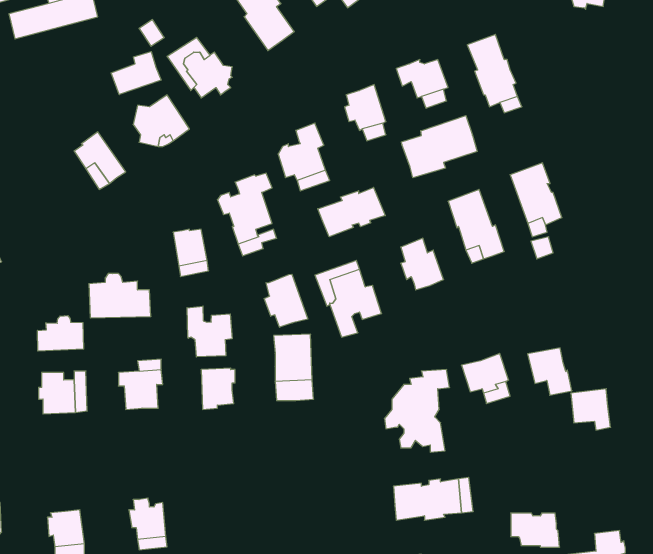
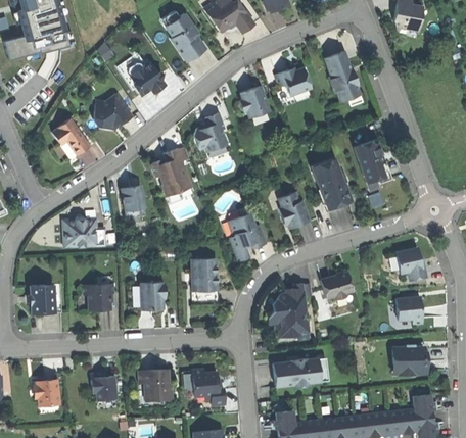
building: [111,52,161,95] -> none
building: [402,116,477,178] -> none
building: [318,187,385,237] -> none
building: [264,274,308,327] -> none
building: [187,306,232,357] -> none
building: [38,316,84,351] -> none
building: [528,348,572,395] -> [394,248,425,281]
building: none -> [137,369,172,400]
building: none -> [191,369,225,404]
building: [511,513,560,547] -> [392,348,426,372]

